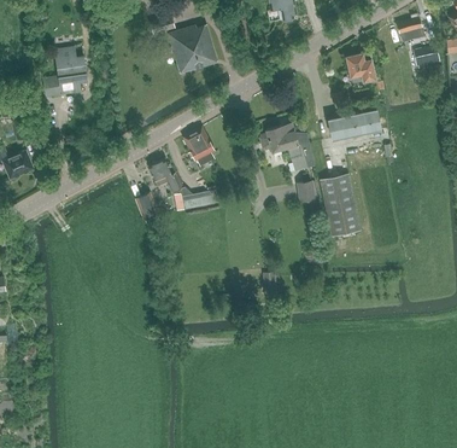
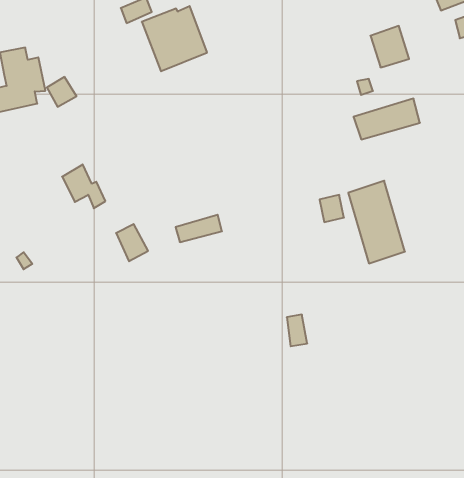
building: [259,123,316,171] -> none
building: [183,127,215,167] -> none
building: [148,158,181,193] -> [62,164,105,208]

